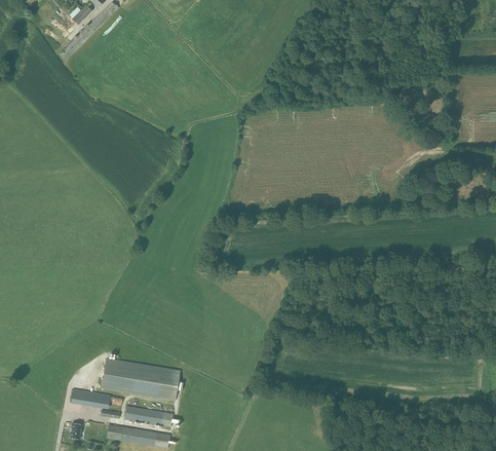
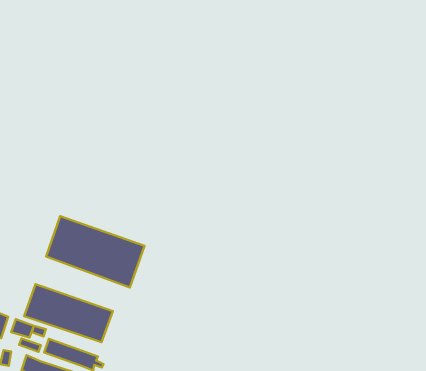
building: none -> [46,216,144,287]

